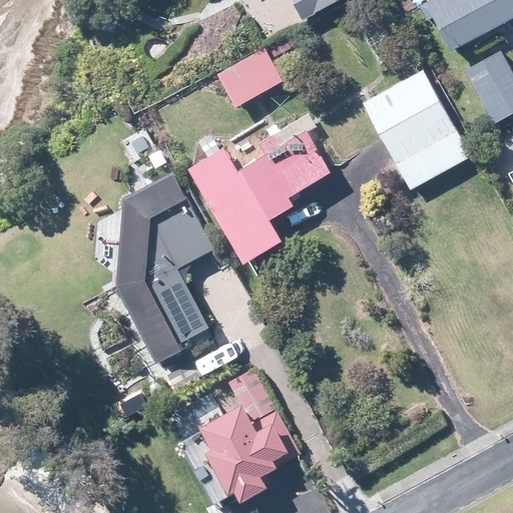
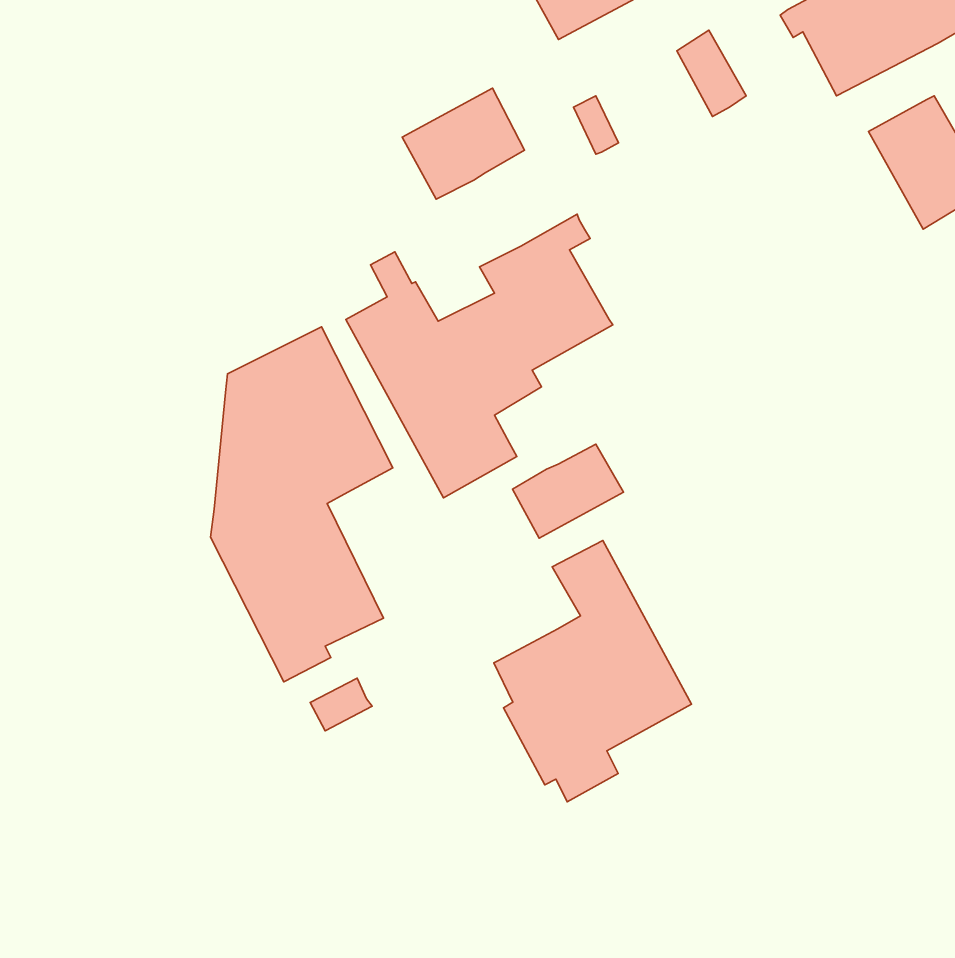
building: [363,70,470,189] -> none
building: none -> [513,444,624,538]
building: [196,366,302,505] -> [494,541,691,802]

